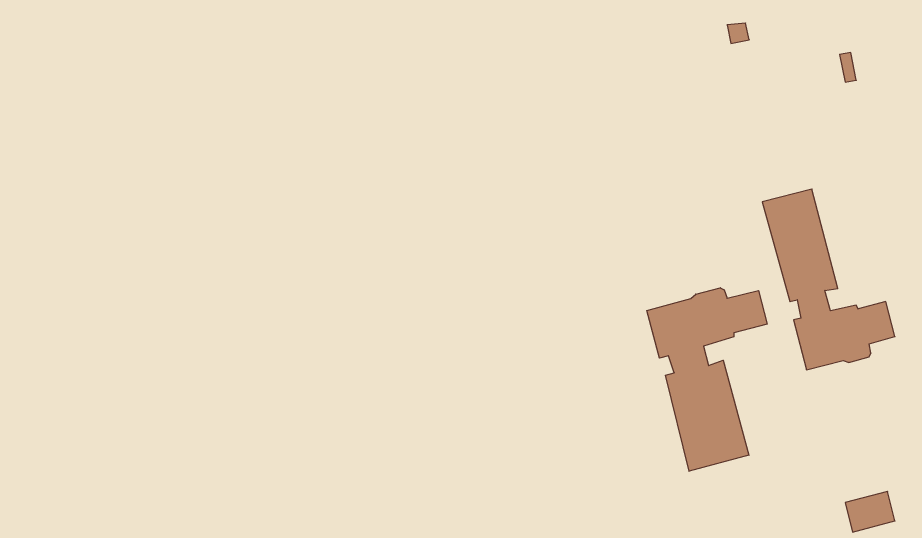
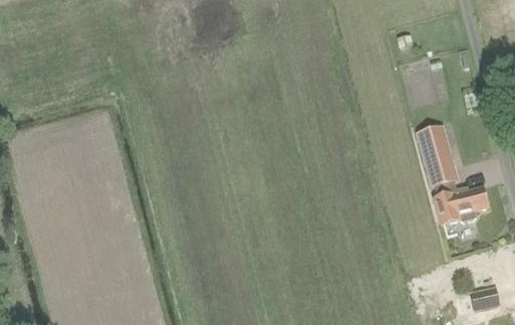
building: [647,288,767,471] -> none

